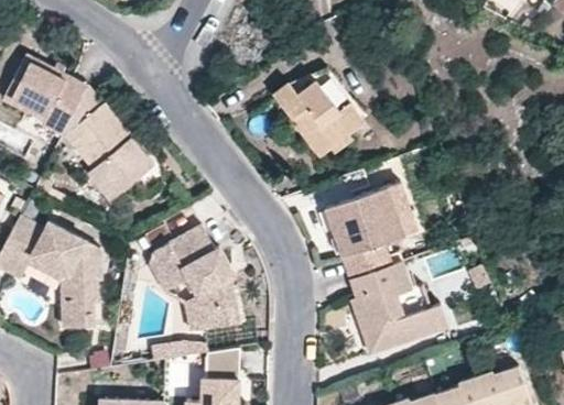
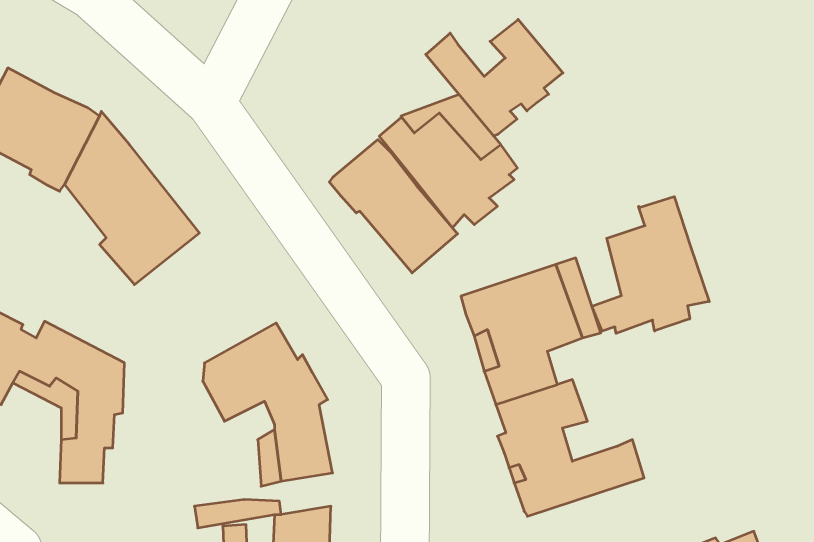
building: none -> [426,19,563,136]
building: none -> [329,140,458,273]
building: none -> [592,197,709,333]

